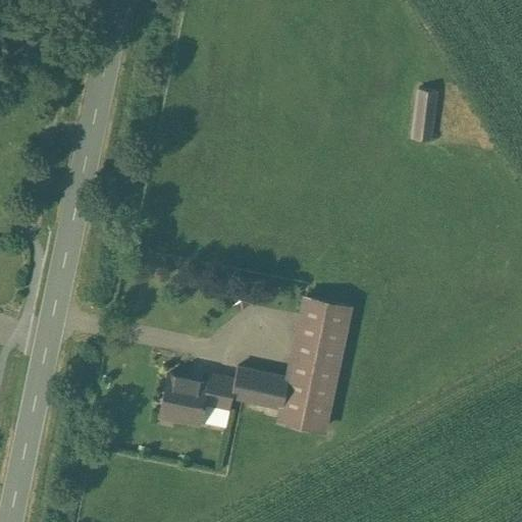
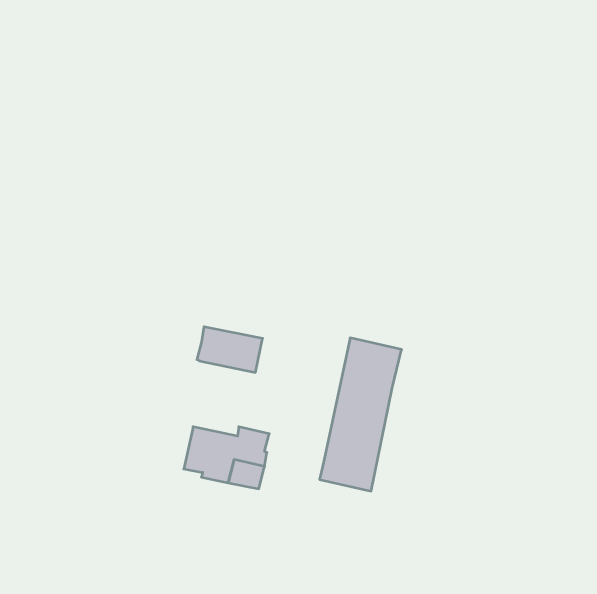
building: [411,88,443,142] -> none
building: [231,368,289,408] -> [197,327,263,372]

